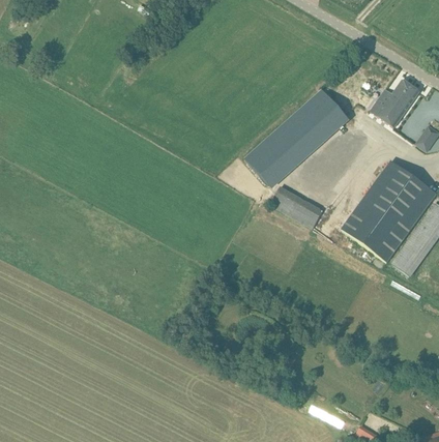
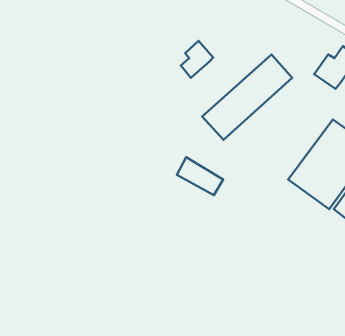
building: none -> [181,41,213,78]
building: [271,185,323,228] -> [177,157,223,195]

